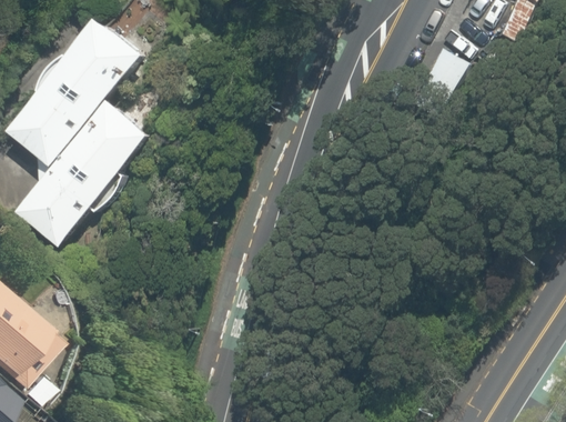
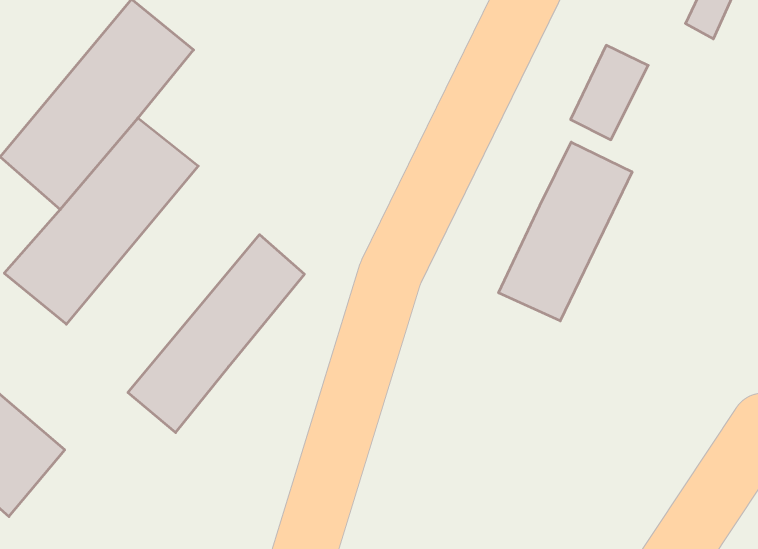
building: none -> [499,142,632,321]
building: none -> [128,235,304,433]

